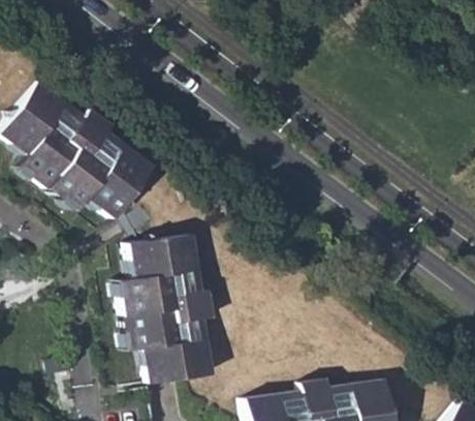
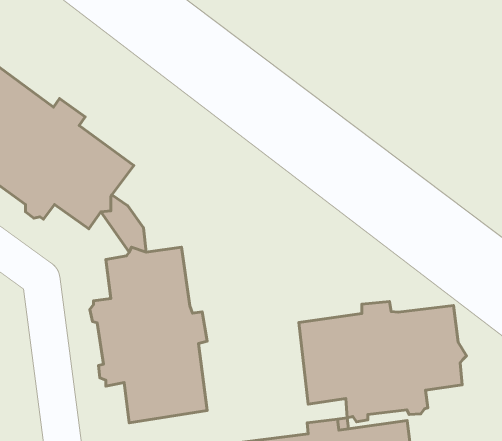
building: none -> [299,301,466,422]

